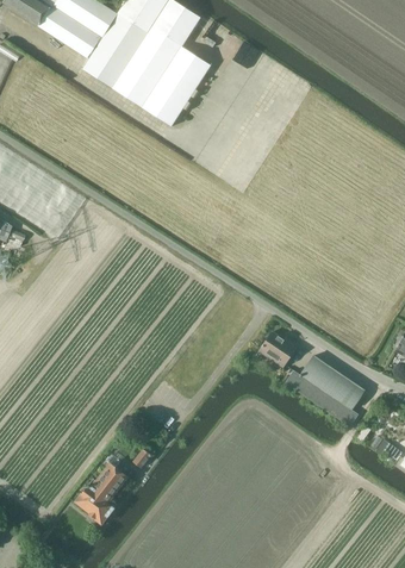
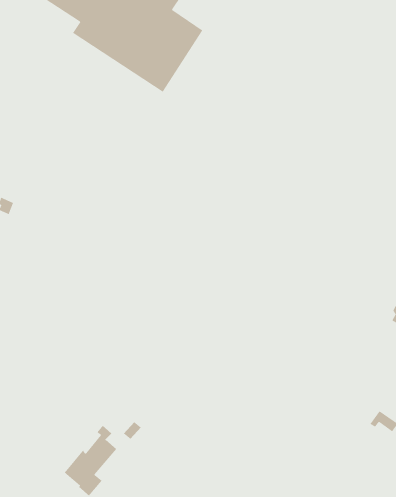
building: [260,332,298,364] -> none
building: [285,356,364,427] -> none

